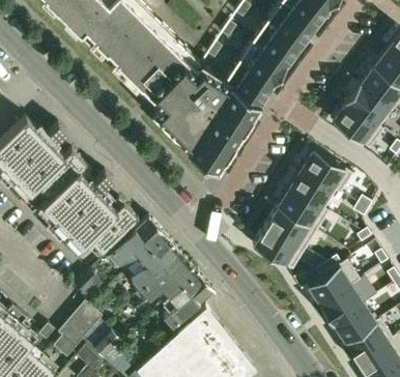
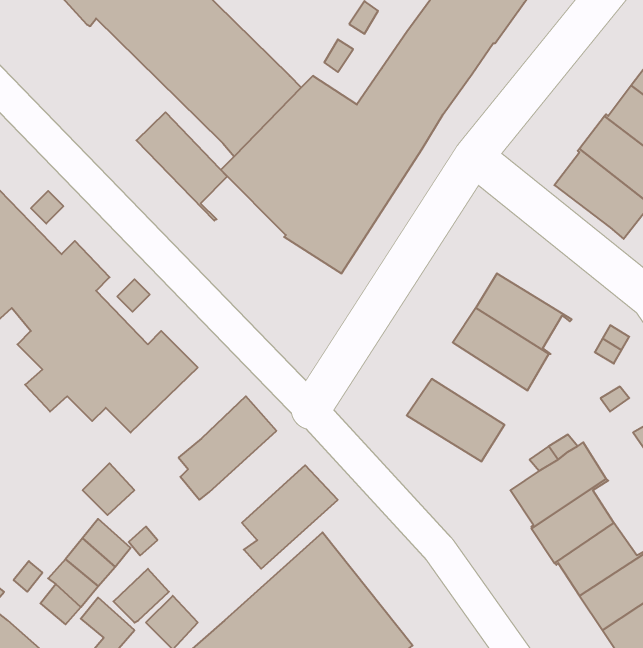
building: none -> [136,112,227,221]
building: [301,151,353,196] -> none
building: [265,208,317,253] -> none
building: [109,220,165,267] -> none
building: [140,256,197,306] -> none

